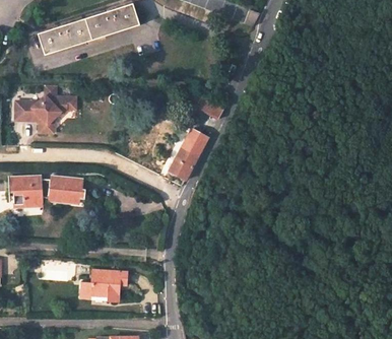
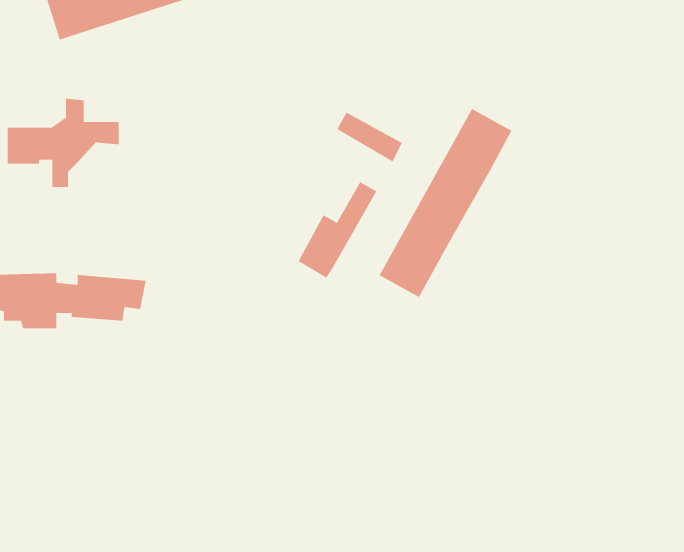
building: none -> [379,108,512,298]
building: [80,271,125,300] -> none

